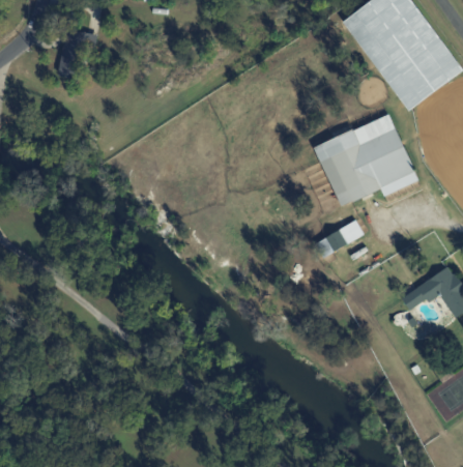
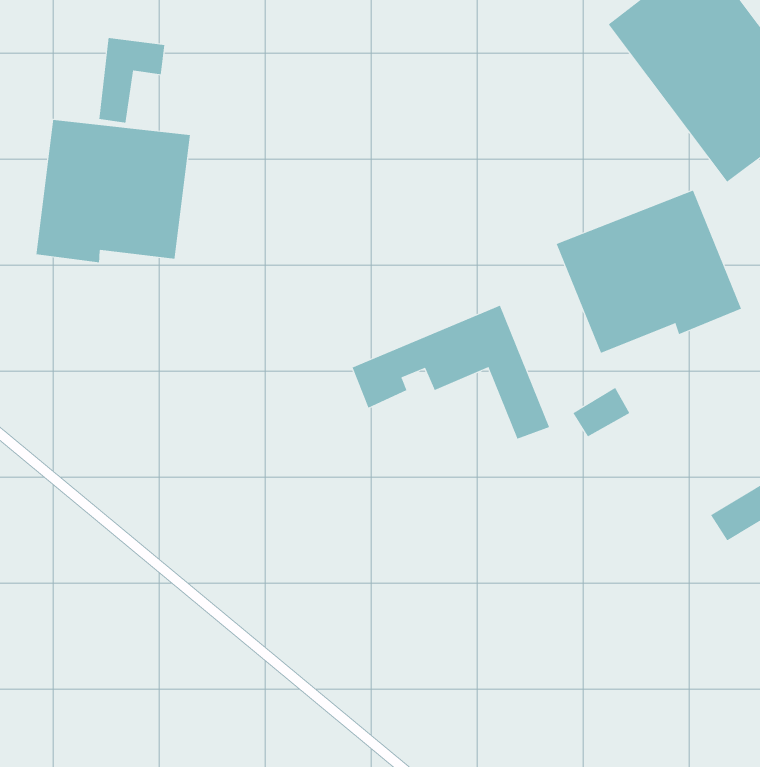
building: none -> [36,119,191,263]
building: none -> [352,305,550,439]

